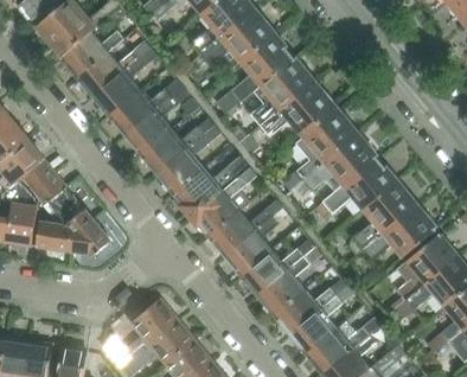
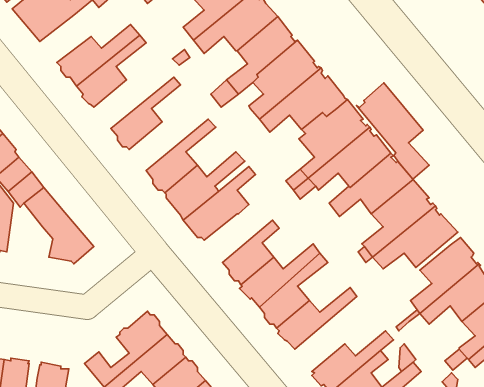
building: [62,30,123,75] -> none
building: [110,79,183,134] -> none
building: none -> [357,83,429,179]
building: [142,117,213,172] -> none
building: [210,199,282,255] -> none
building: [36,219,73,253] -> none
building: [292,286,353,353] -> none

